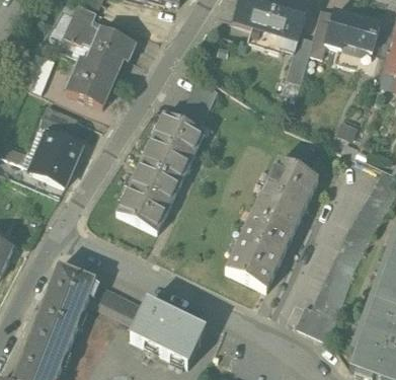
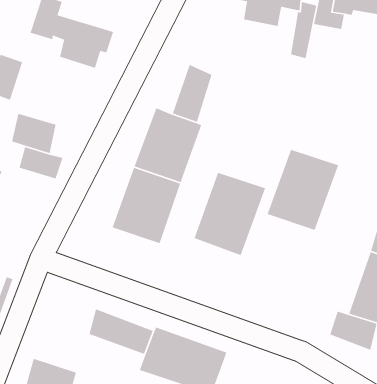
building: [65,56,116,104] -> none
building: [33,151,73,184] -> none
building: [225,213,292,288] -> [194,172,266,256]
building: [37,264,95,332] -> none

